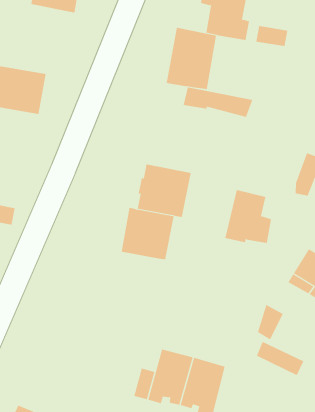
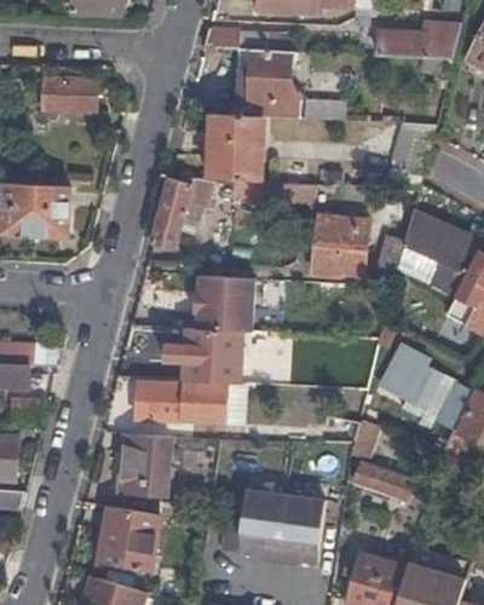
building: none -> [151,174,195,247]
building: [225,190,272,244] -> [313,215,365,276]
building: none -> [136,380,229,424]
building: none -> [122,432,168,492]
building: none -> [99,506,160,569]

